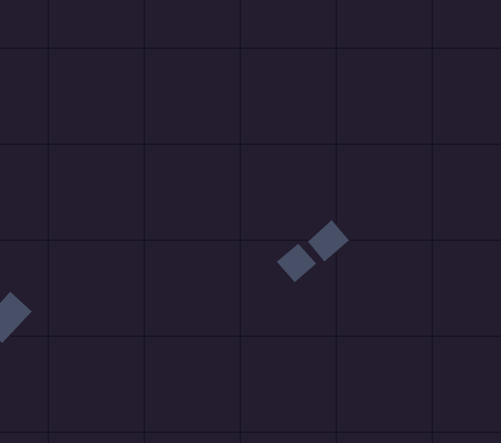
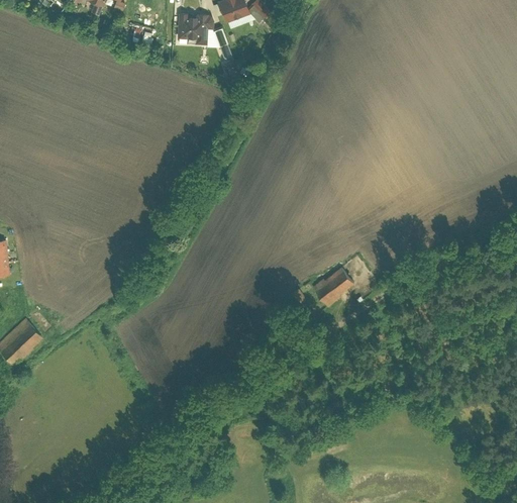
building: [276,243,317,283] -> none

